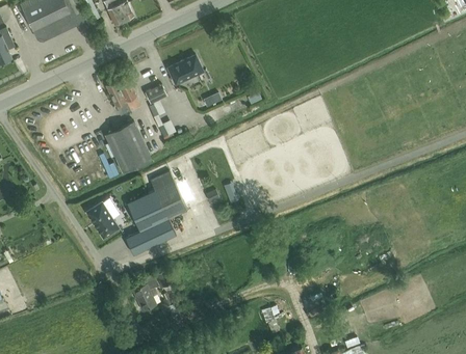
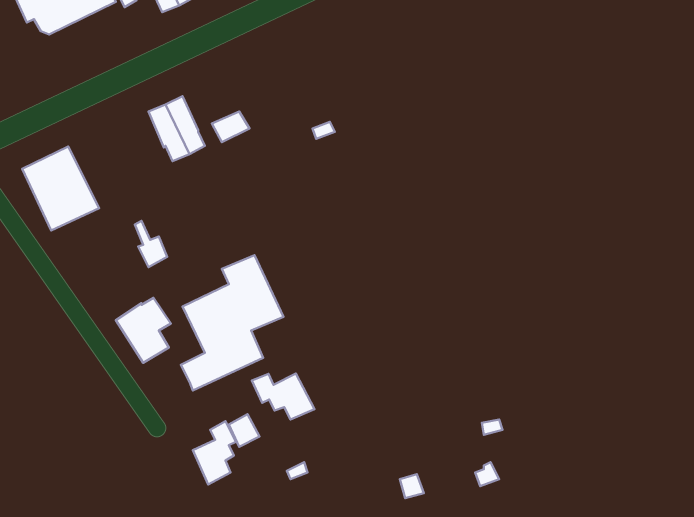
building: [167,56,203,85] -> none
building: [105,122,152,173] -> [22,147,99,230]
building: none -> [252,374,314,419]

